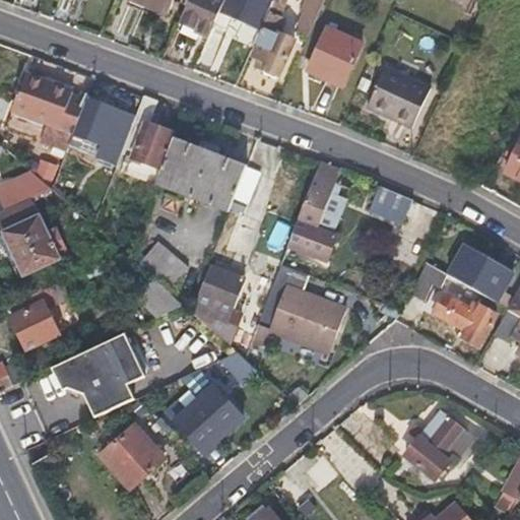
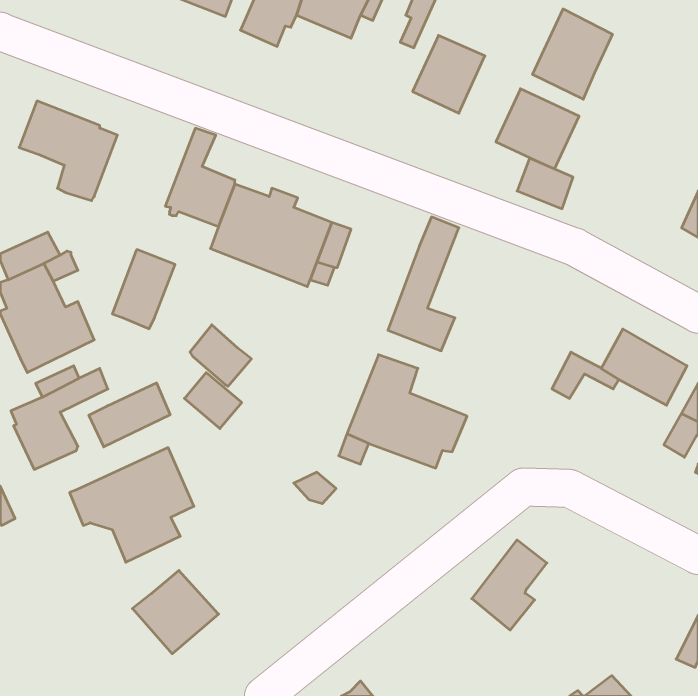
building: none -> [533,9,612,99]
building: [253,28,292,75] -> none
building: [70,99,117,157] -> [112,250,175,329]
building: [371,186,412,223] -> [517,158,573,209]
building: [194,265,244,324] -> none
building: none -> [89,383,170,447]
building: [435,291,495,340] -> none
building: [168,378,240,458] -> none
building: [404,412,460,479] -> [472,540,547,630]

